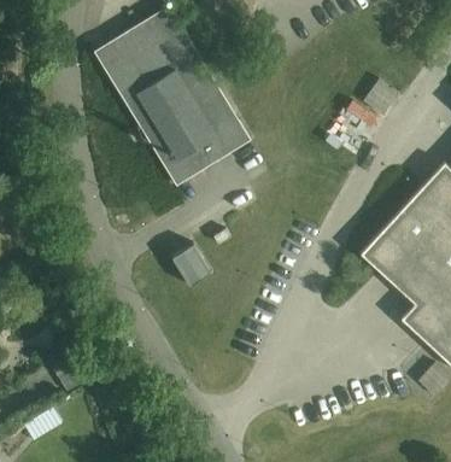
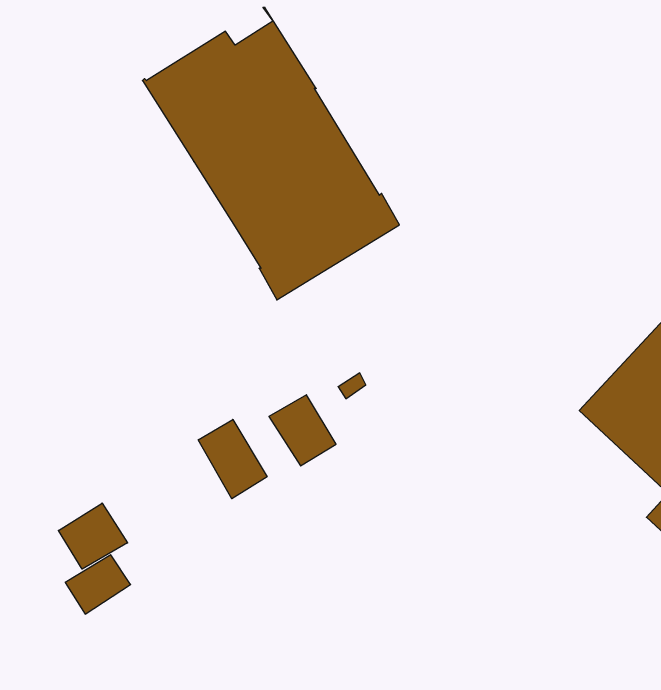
building: none -> [198,419,267,499]
building: none -> [58,503,128,569]

